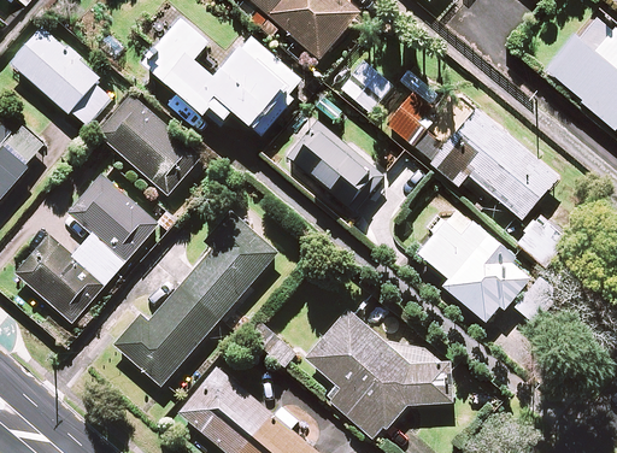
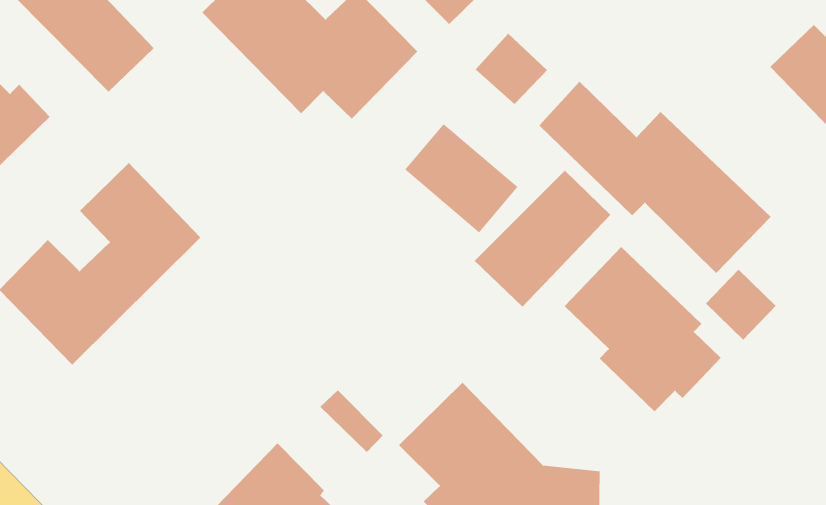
building: [96,95,201,195] -> none
building: none -> [474,170,611,307]
building: [111,218,274,384] -> none

